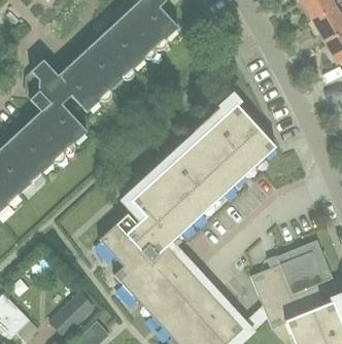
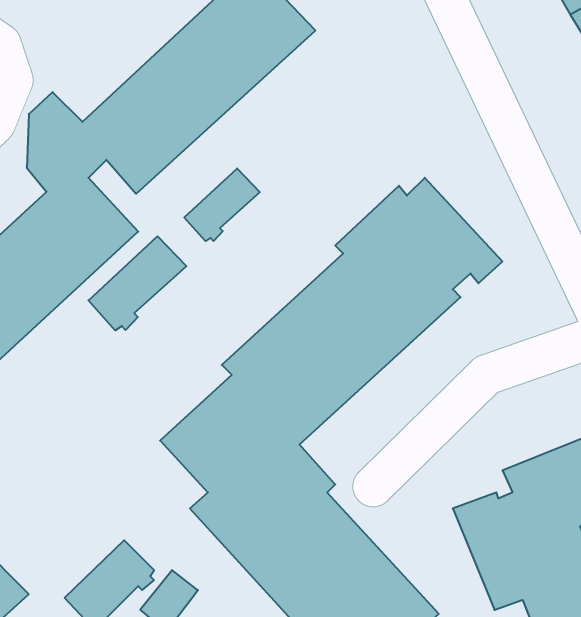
building: none -> [184,168,260,241]
building: none -> [88,236,186,330]

